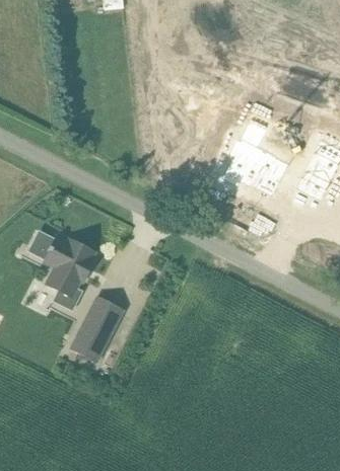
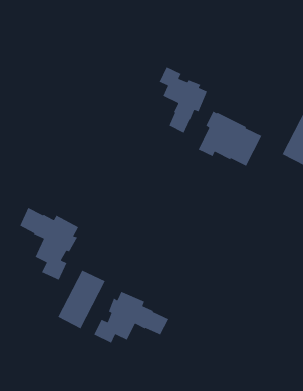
building: none -> [159,66,208,134]
building: none -> [93,291,169,344]

